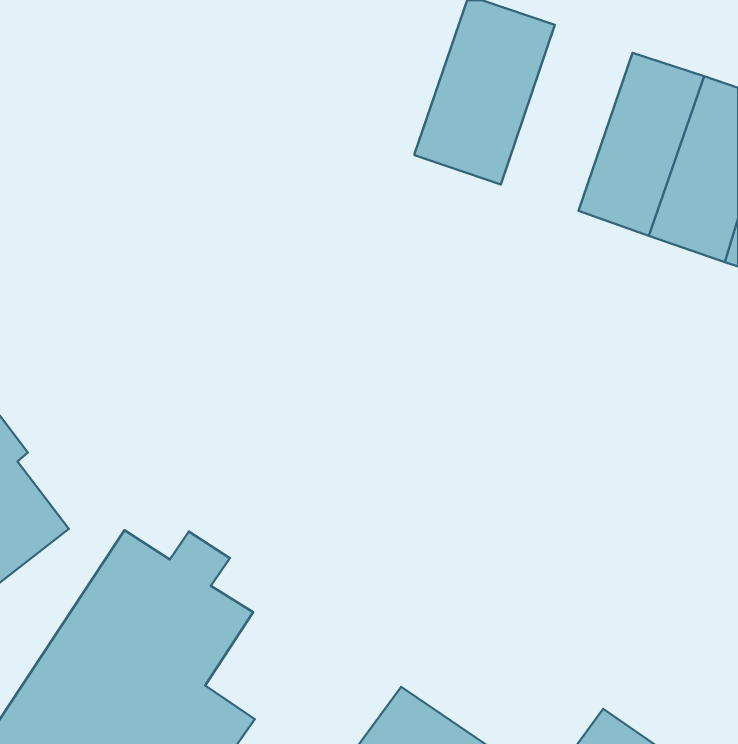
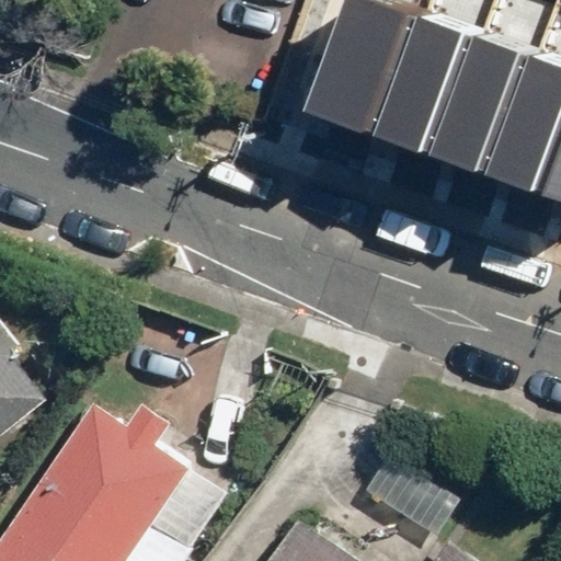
building: none -> [375,22,473,161]

